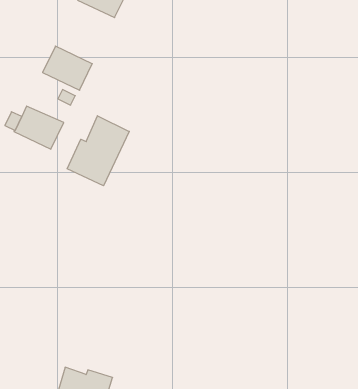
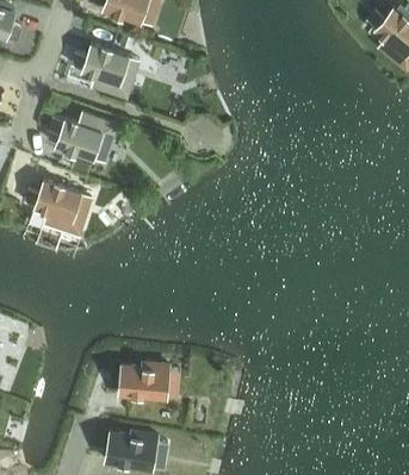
building: [67,116,129,186] -> none
building: none -> [119,365,169,401]

